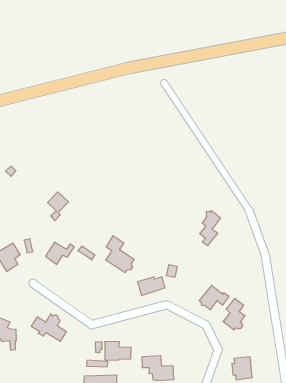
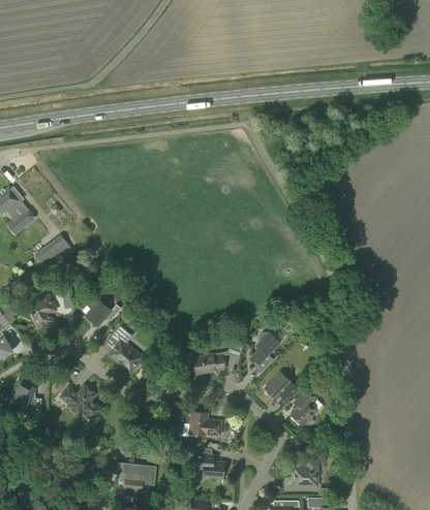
building: [48,192,68,221] -> [47,234,71,268]
building: [200,211,221,246] -> [252,331,279,373]
building: [106,236,134,273] -> [109,325,143,371]
building: [105,342,131,360] -> [189,411,222,435]

